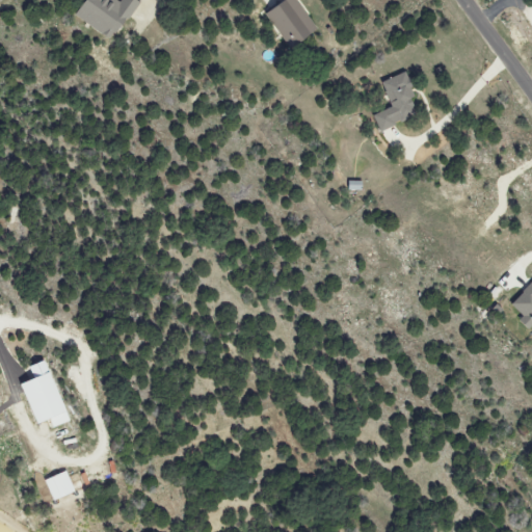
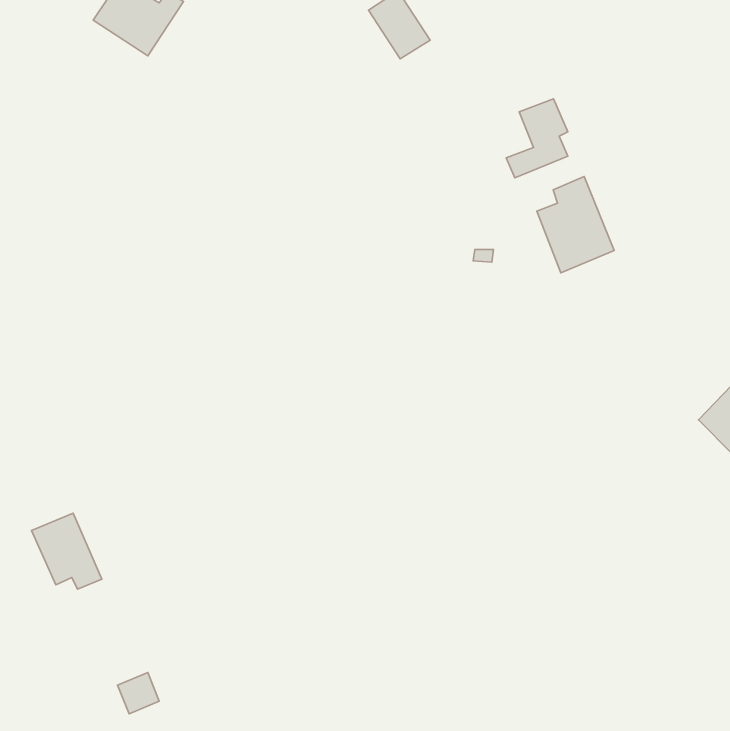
building: none -> [537,177,614,273]
building: [48,471,78,501] -> [118,672,159,714]

